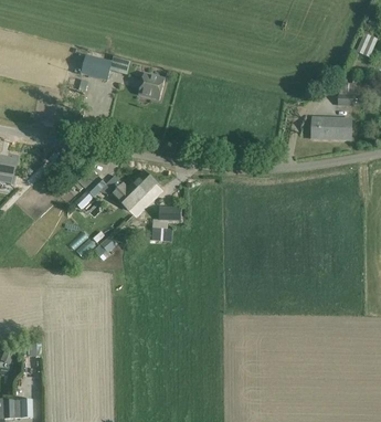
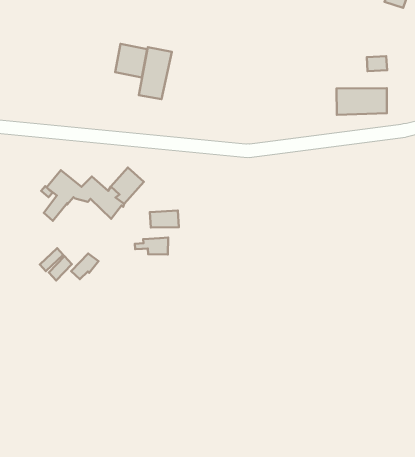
building: [82,55,113,80] -> none
building: none -> [139,47,172,99]

